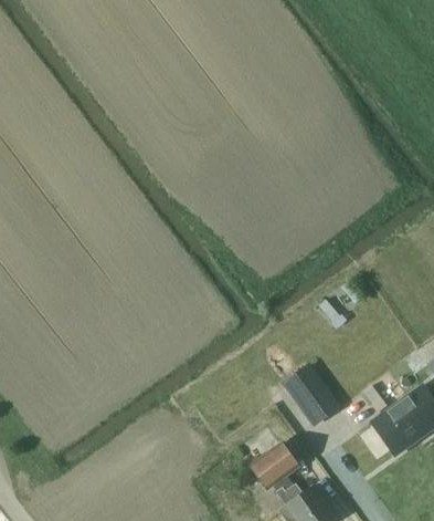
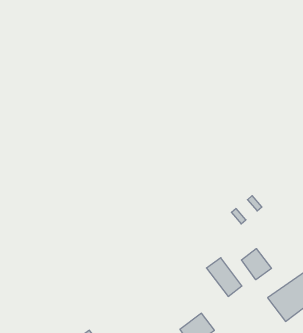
building: none -> [241,249,271,280]

